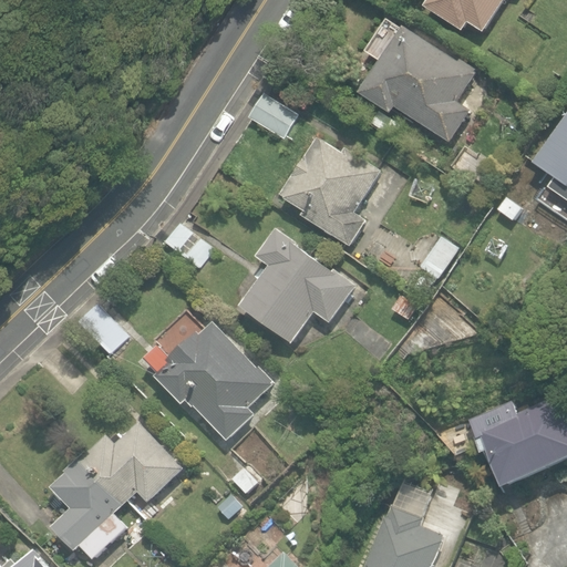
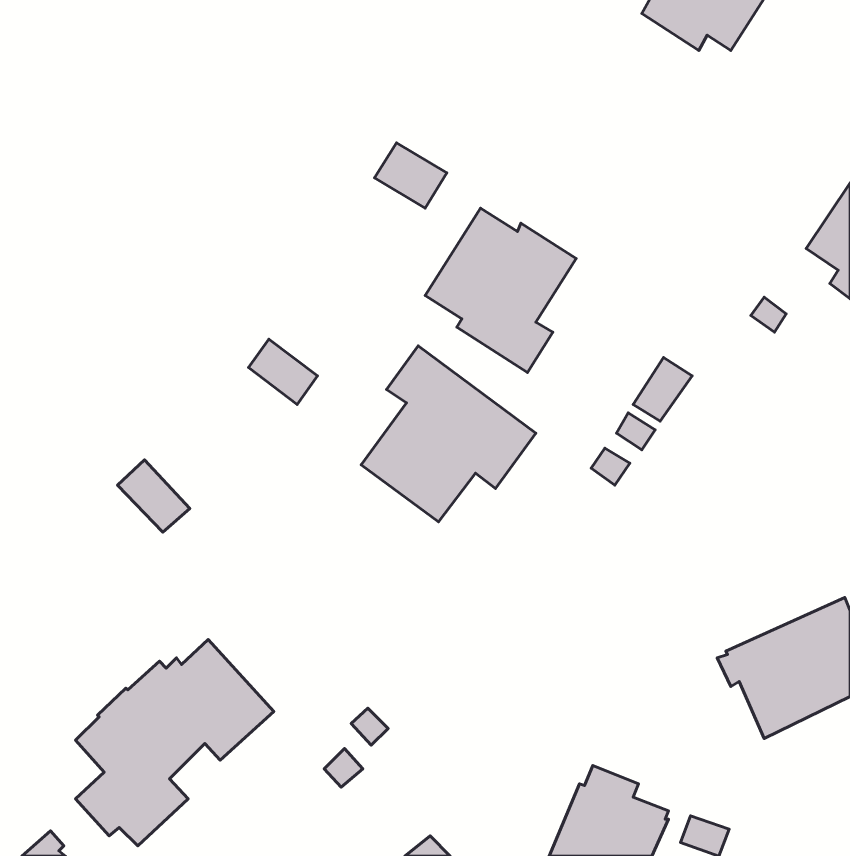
building: [359,27,473,142] -> none
building: [145,321,272,439] -> none

